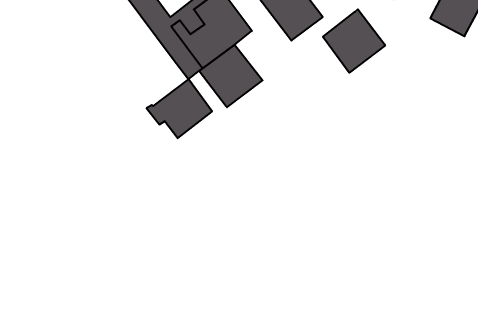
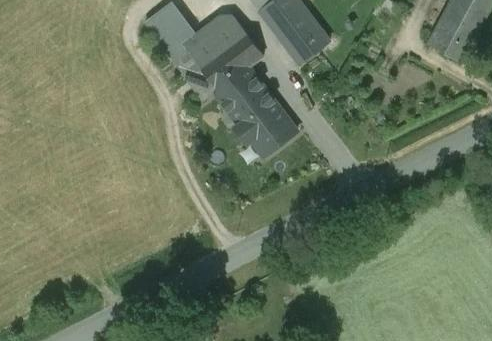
building: [323,9,385,73] -> none
building: [147,79,212,138] -> [234,101,295,156]

